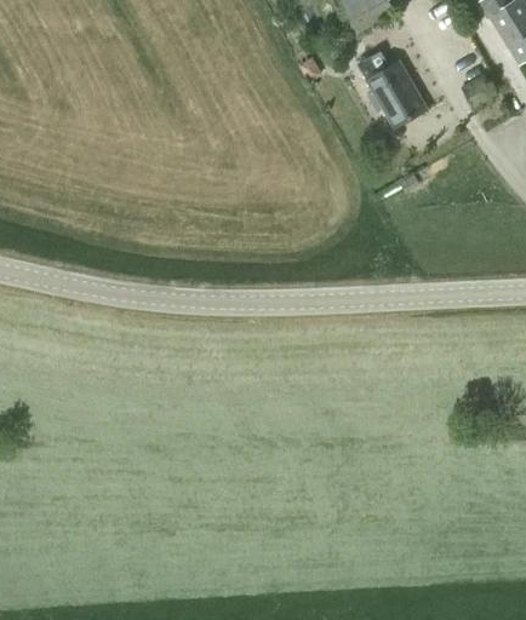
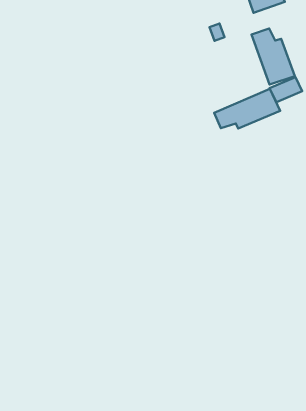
building: none -> [214,89,280,129]

